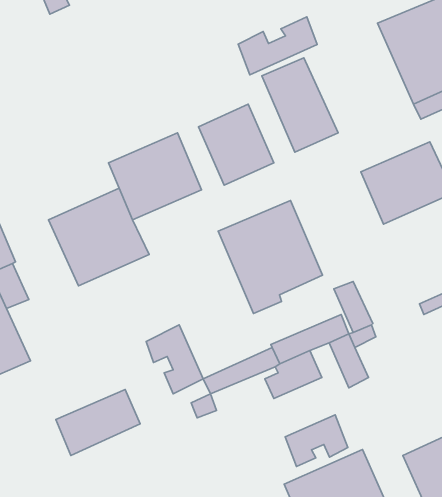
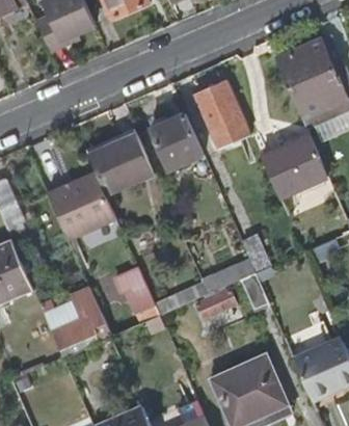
building: [238,17,317,75] -> none
building: [218,201,323,314] -> none
building: none -> [44,286,100,331]
building: [285,415,348,466] -> none

